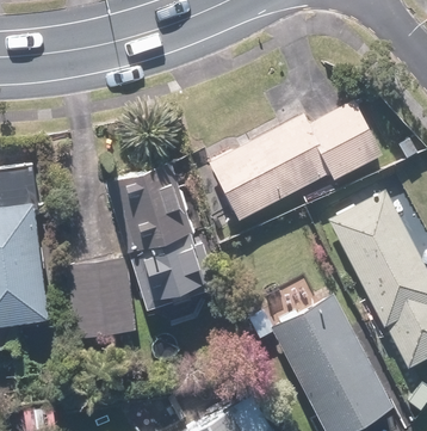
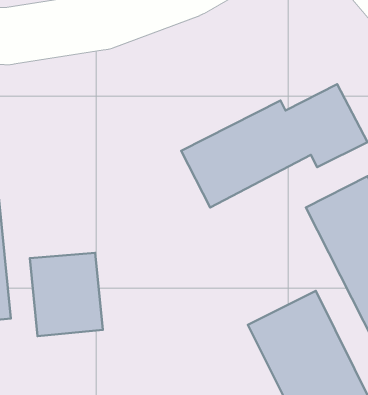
building: [104,161,209,307] -> none

